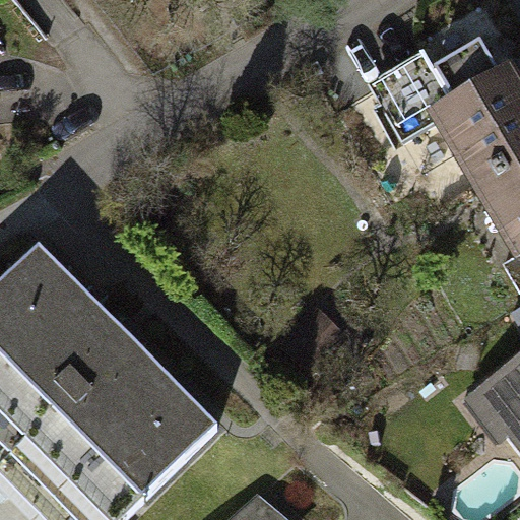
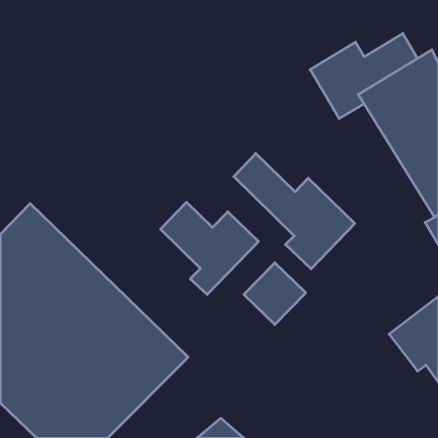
building: none -> [234,153,355,269]
building: none -> [161,202,258,295]

